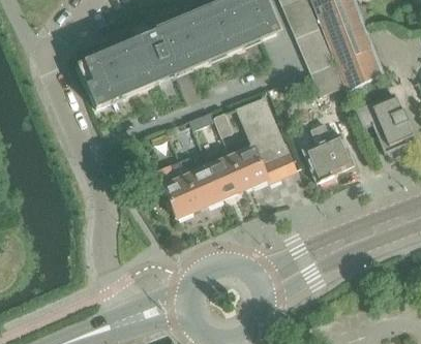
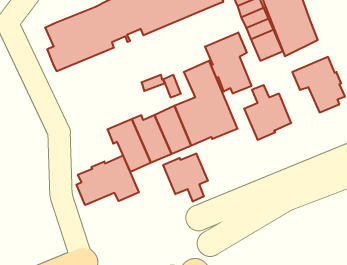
building: none -> [205,32,251,94]
building: none -> [163,153,208,202]
building: none -> [76,155,139,205]

